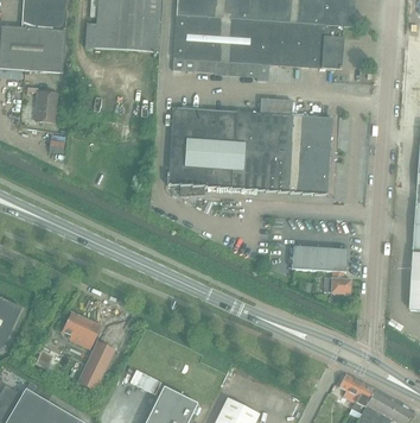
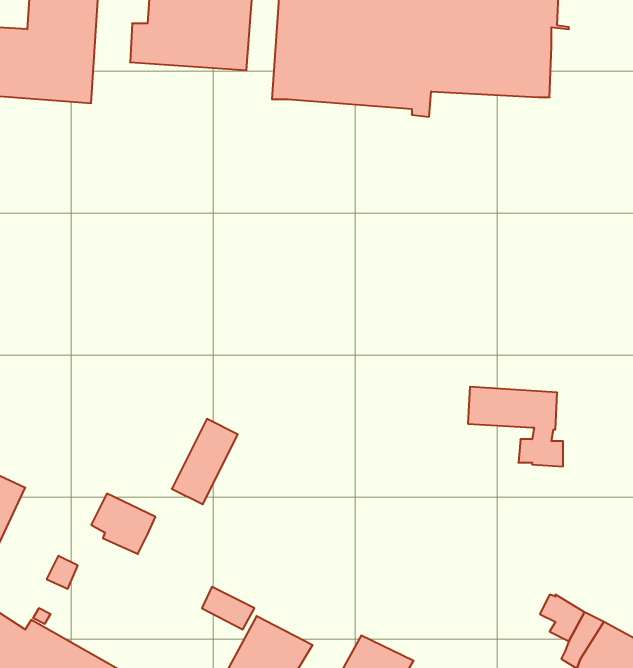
building: [34,91,56,121] -> none
building: [167,96,331,192] -> none
building: [76,339,116,391] -> [172,419,238,504]

